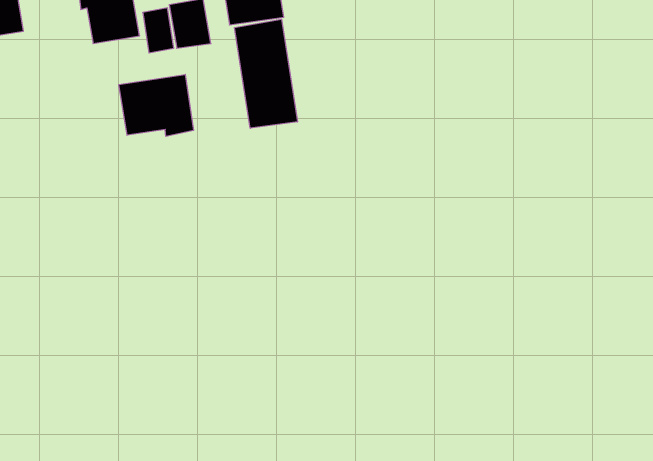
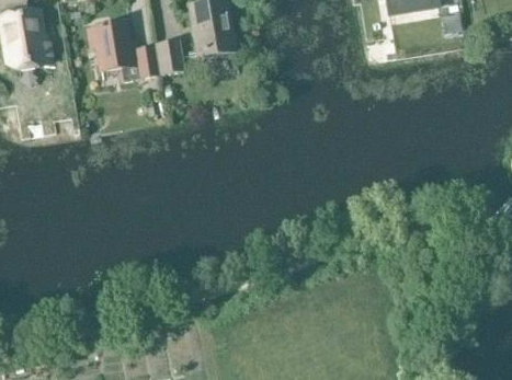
building: [235,19,297,128] -> none
building: [119,74,194,136] -> none

